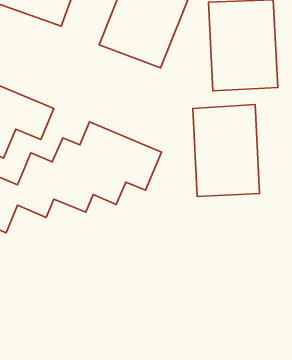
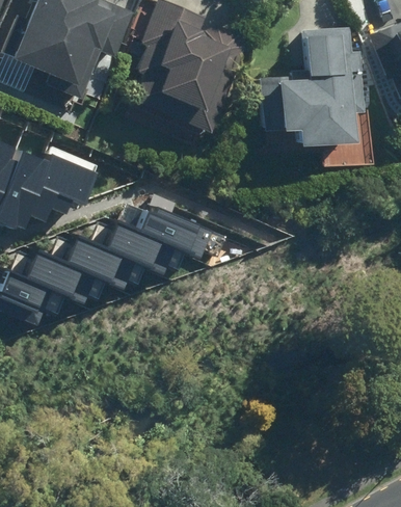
building: [193,105,260,196] -> none

